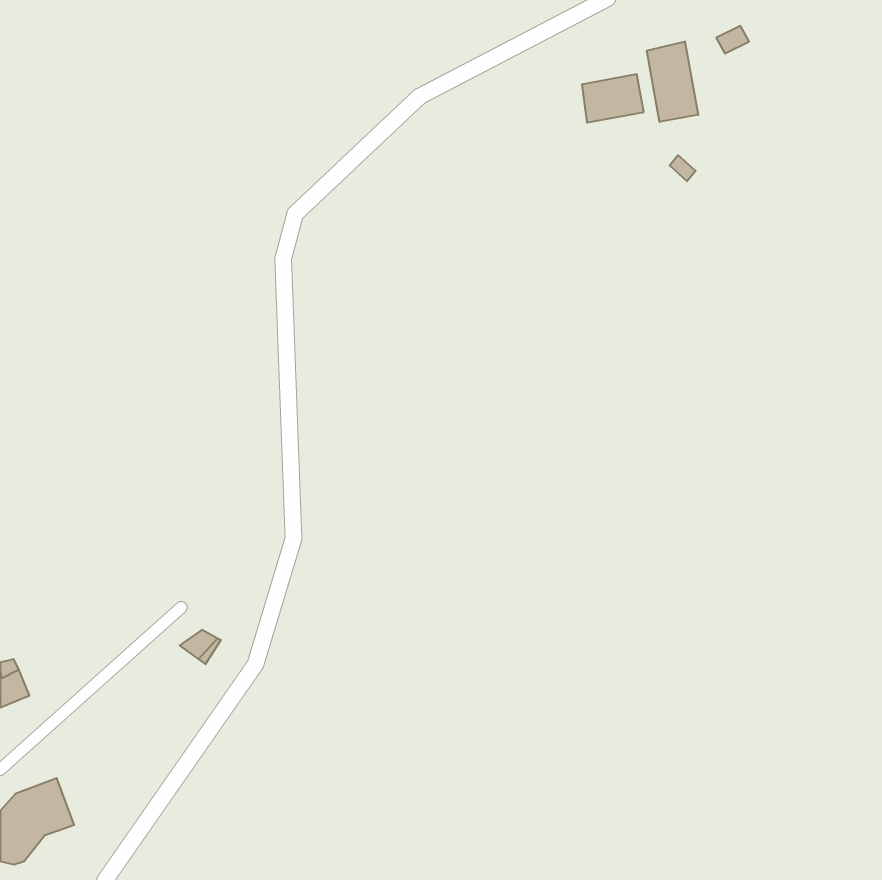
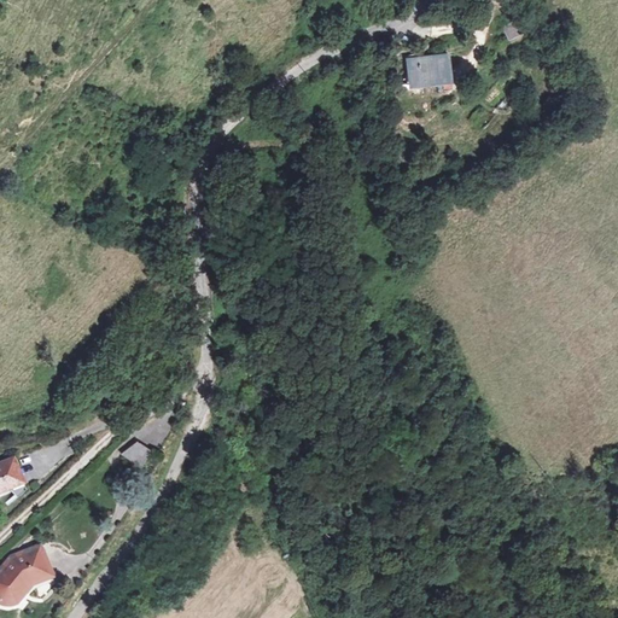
building: [647,41,698,122] -> none

